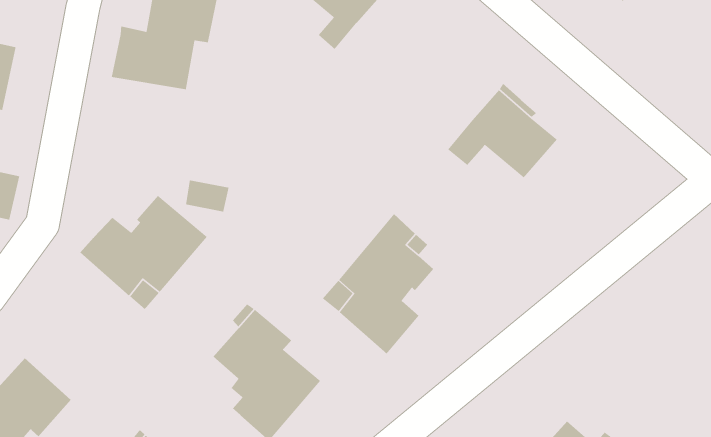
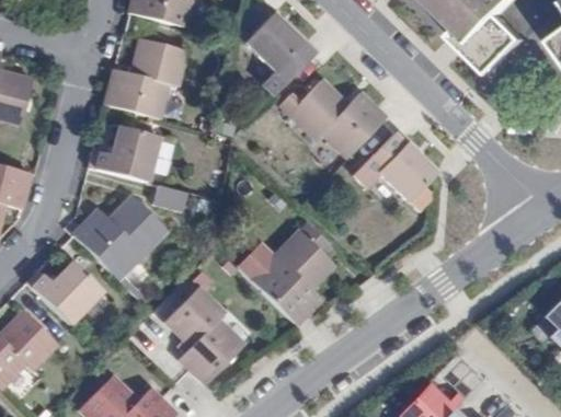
building: none -> [277,79,385,158]
building: none -> [87,119,158,183]
building: none -> [25,260,105,327]

